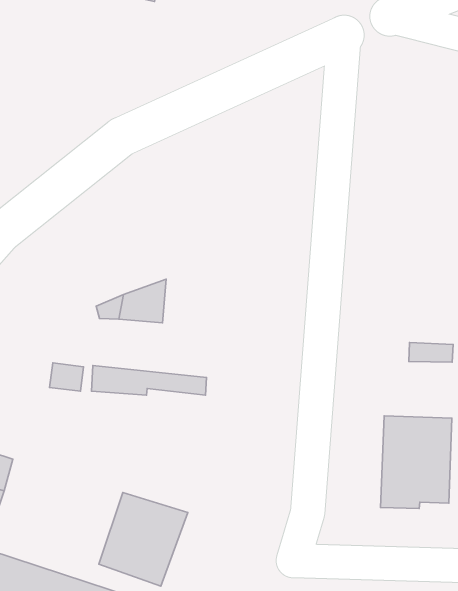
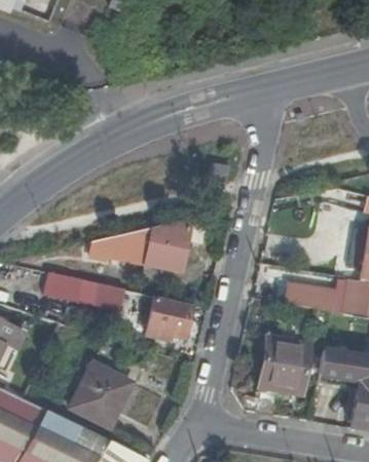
building: none -> [144,214,204,270]
building: none -> [147,297,193,340]

